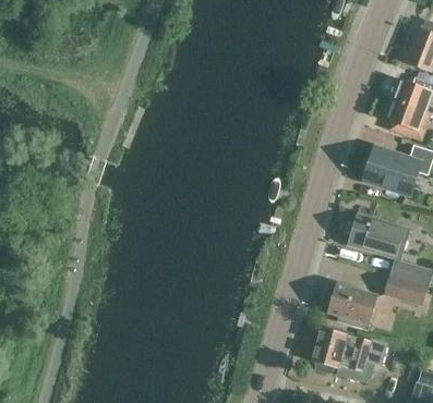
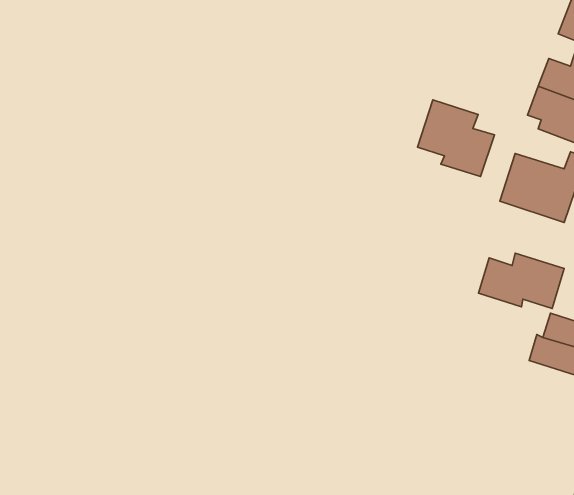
building: none -> [417,100,494,177]
building: [325,283,376,325] -> none
building: [310,327,385,373] -> none

